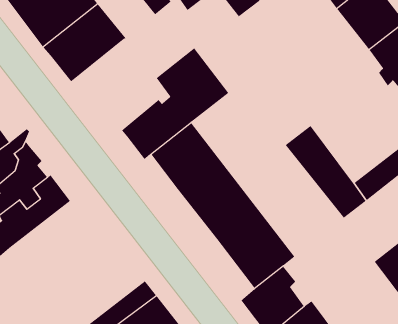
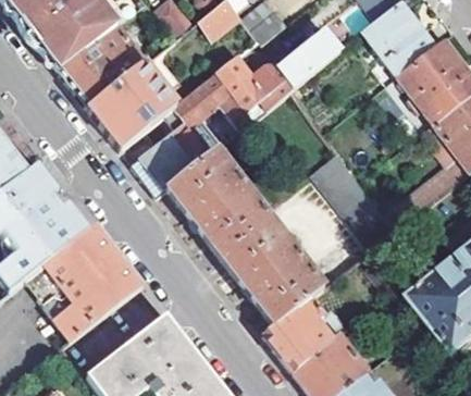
building: none -> [218,30,340,119]
building: none -> [89,63,177,148]
building: none -> [26,224,144,338]

